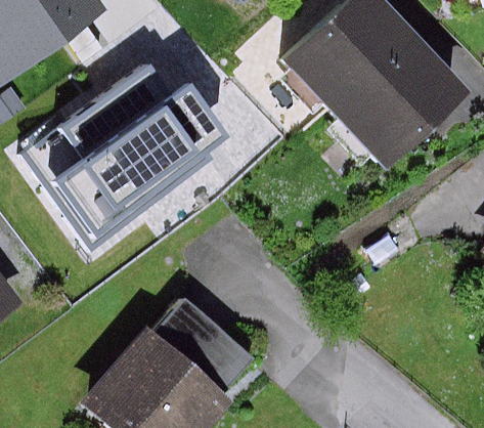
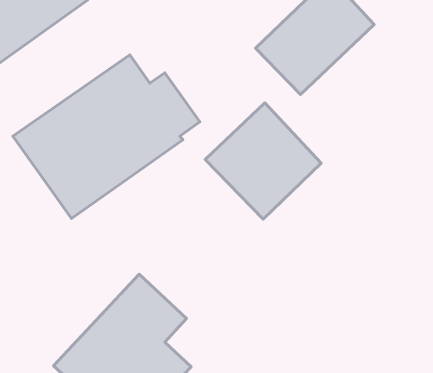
building: [339,36,471,167] -> none
building: none -> [205,103,321,219]

